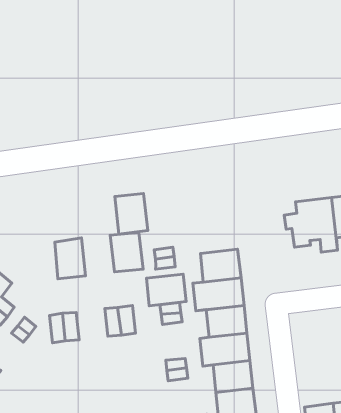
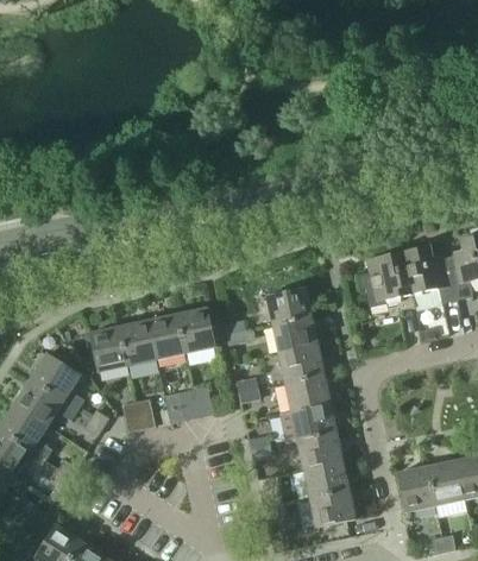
building: [115,194,148,234] -> [146,315,184,360]
building: none -> [89,328,126,372]
building: [146,274,186,306] -> [266,288,310,324]

